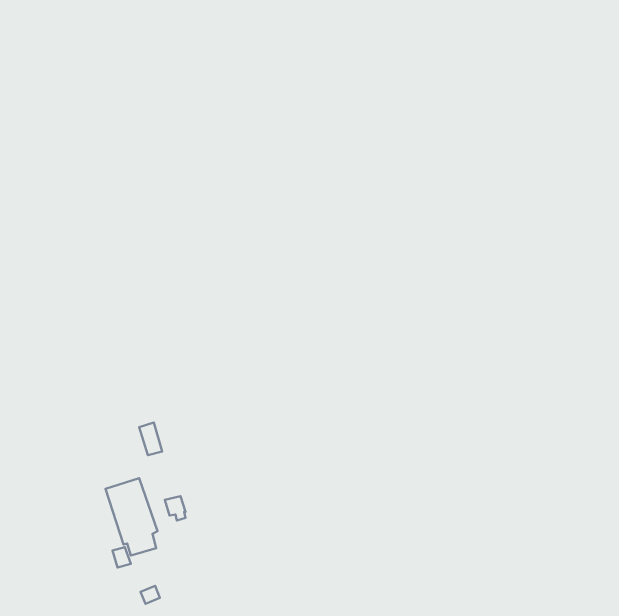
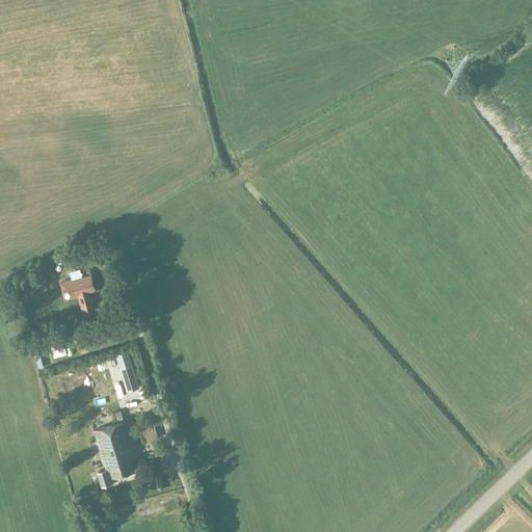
building: none -> [60,276,96,318]

